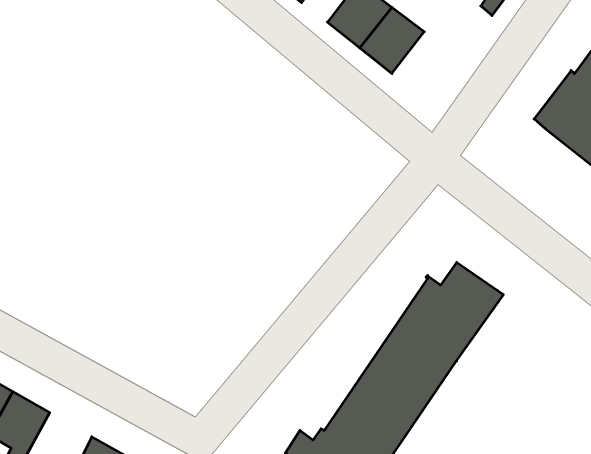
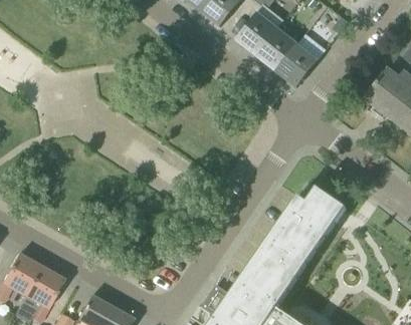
building: none -> [276,43,317,85]

